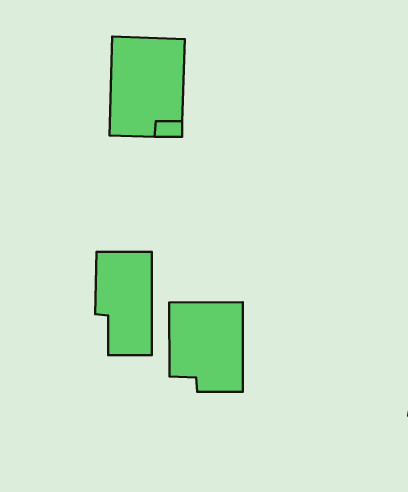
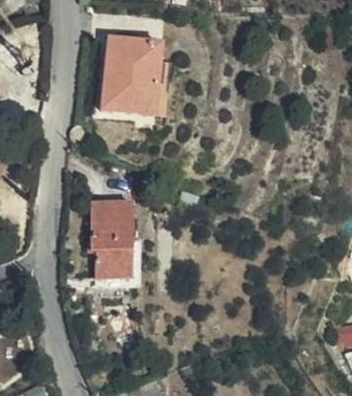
building: [169,302,243,392] -> none

